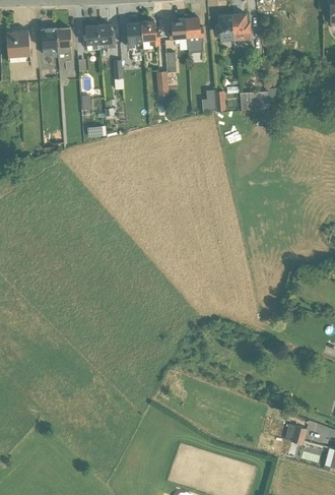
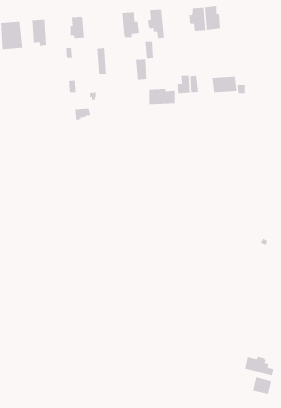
building: [185,15,204,52] -> none
building: [125,20,142,48] -> none
building: [97,23,116,49] -> none
building: [56,26,72,62] -> none
building: none -> [148,88,176,105]
building: none -> [244,356,275,376]

